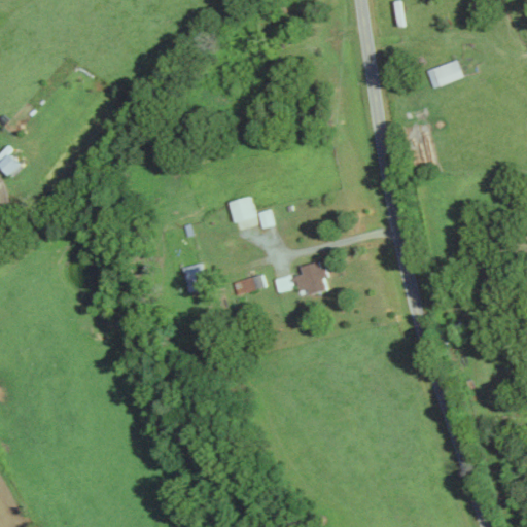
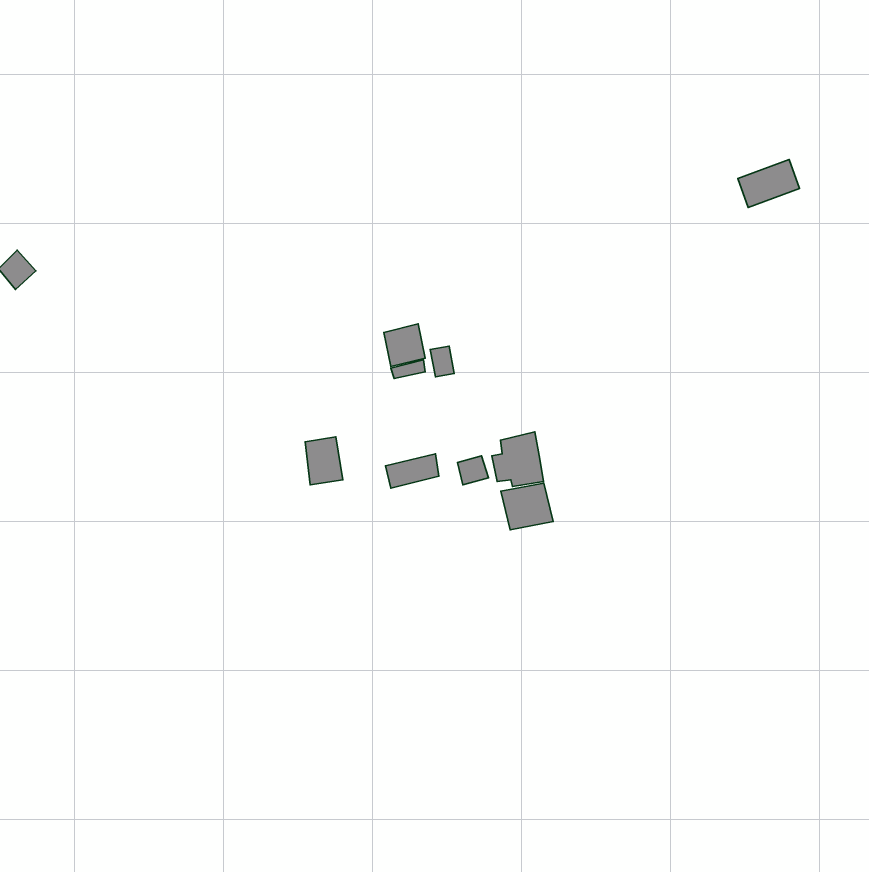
building: [426,60,463,89] -> [738,159,800,207]
building: none -> [501,483,553,530]

